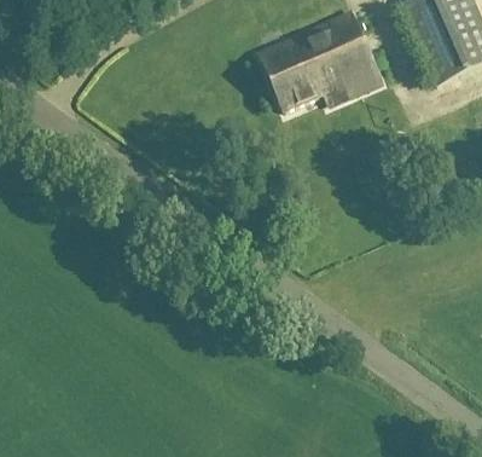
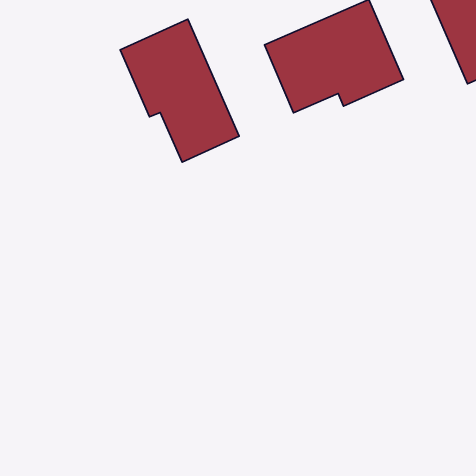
building: none -> [120,19,239,162]

